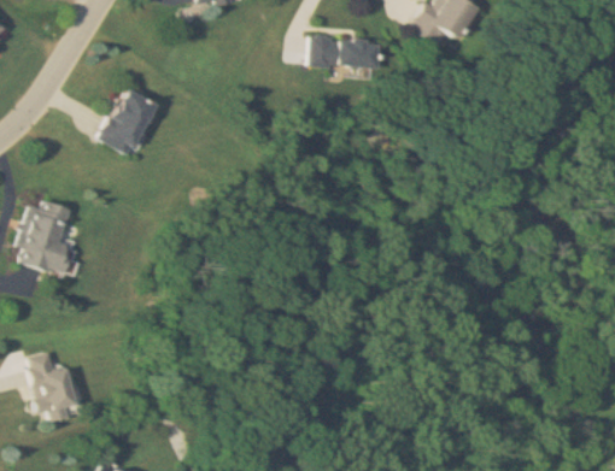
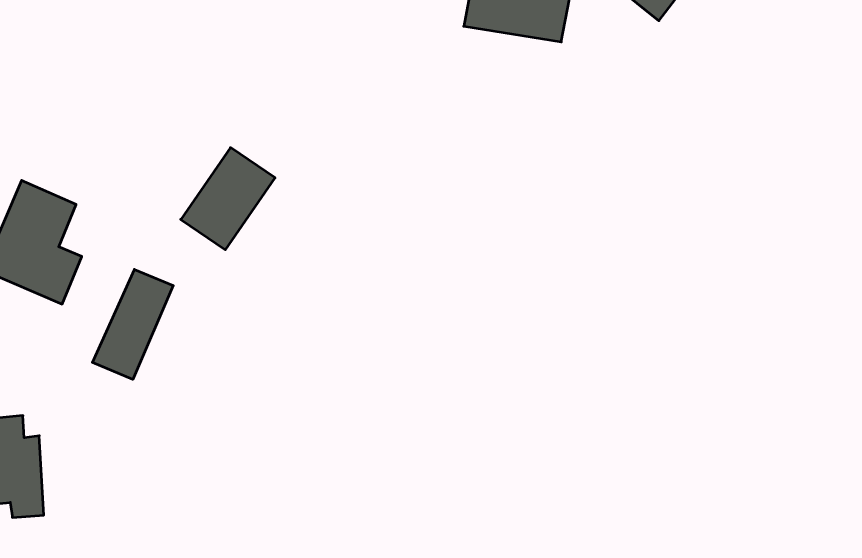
building: [101,86,160,153] -> [181,148,275,250]
building: none -> [92,269,173,379]

